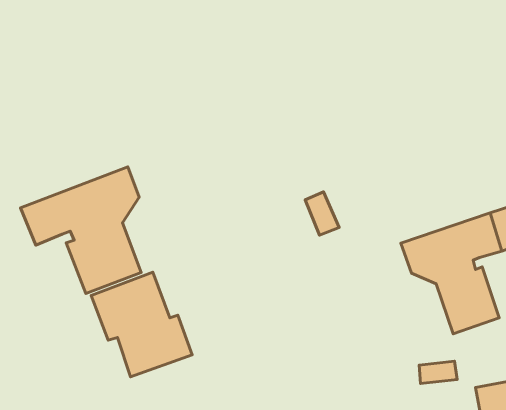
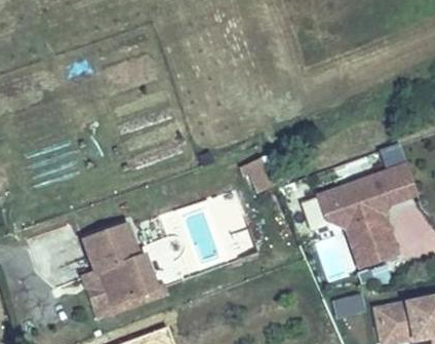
building: [20,167,141,294] -> none

